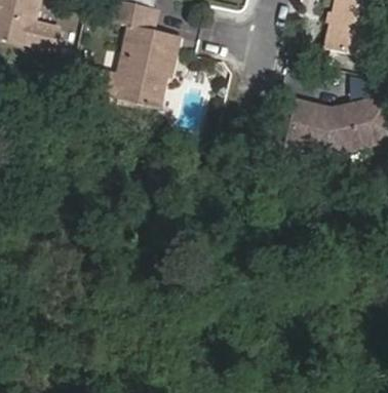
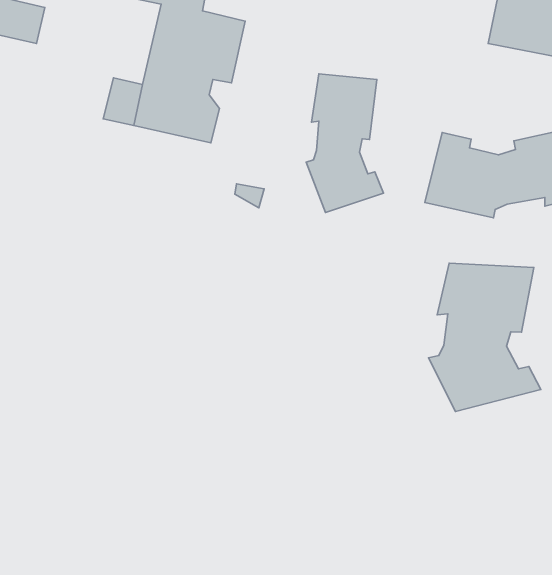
building: none -> [306,74,383,213]
building: none -> [428,263,541,412]

